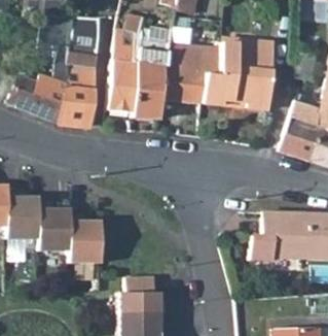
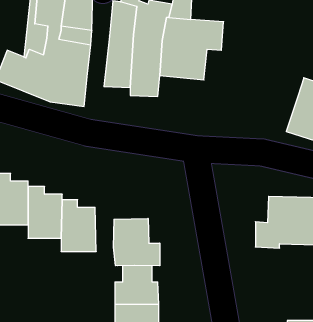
building: [204,43,276,110] -> none
building: none -> [114,218,160,266]

